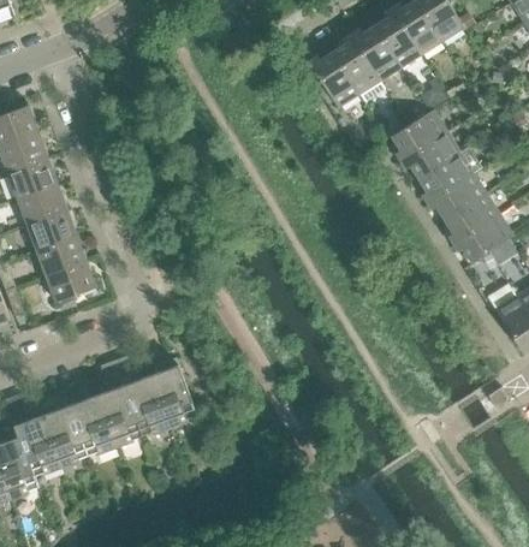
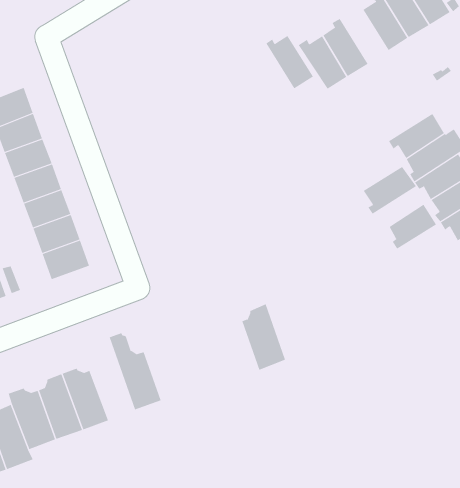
building: [351,26,400,82] -> [266,35,314,89]
building: [391,112,446,161] -> [363,166,417,214]
building: none -> [389,204,437,250]
building: [150,358,196,427] -> [241,304,286,371]
building: [95,362,141,447] -> none

